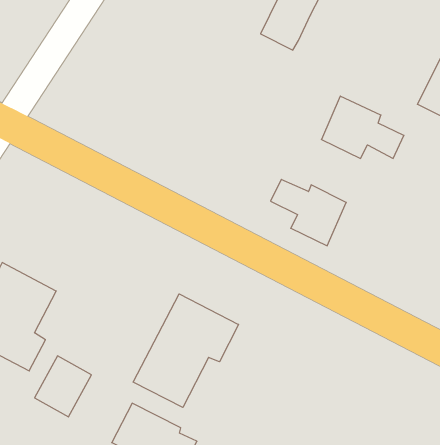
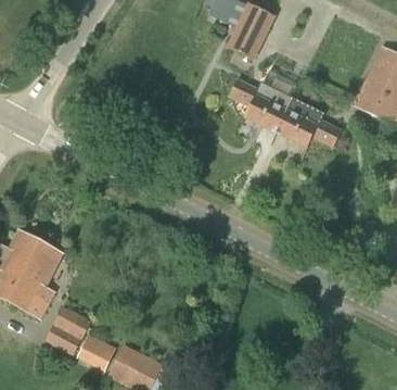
building: [271,179,346,246] -> [229,79,290,133]
building: [133,294,239,407] -> none
building: none -> [76,334,116,370]

